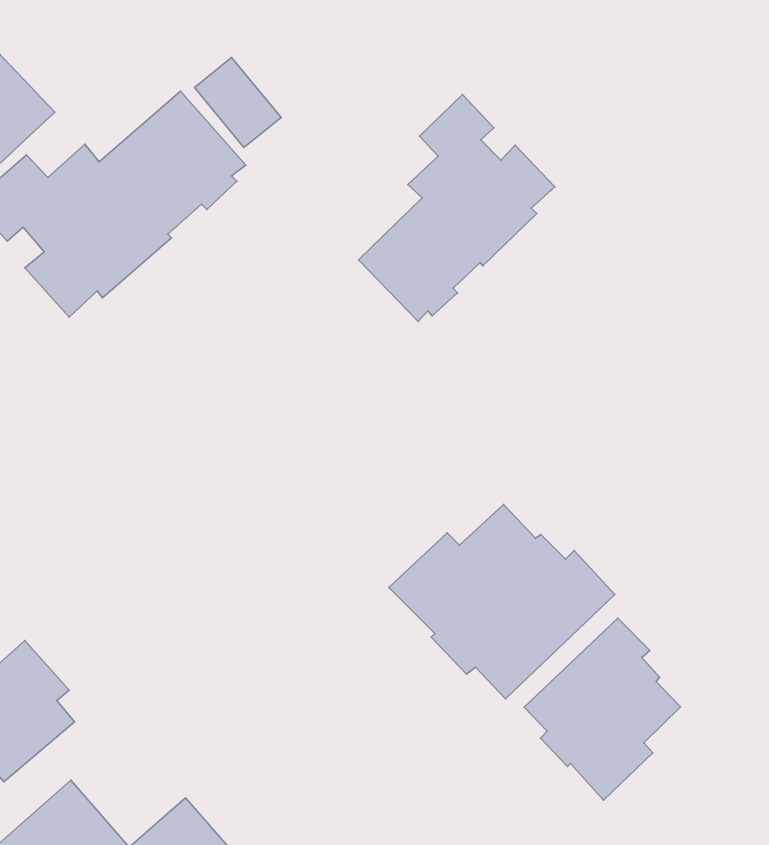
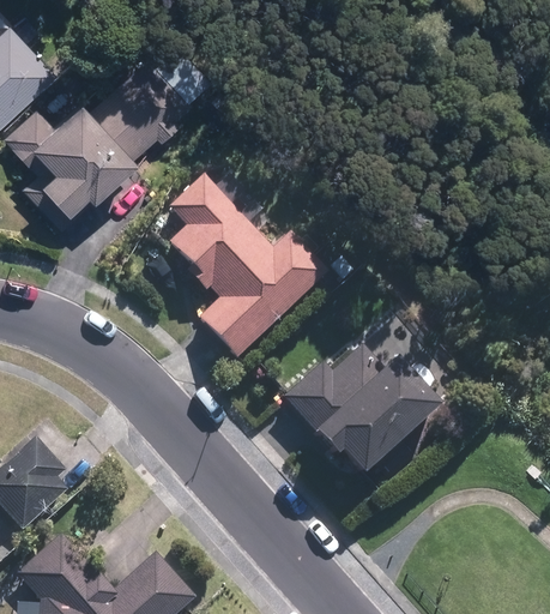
building: [359,95,555,322] -> none
building: none -> [167,176,327,359]
building: [524,618,681,800] -> none

